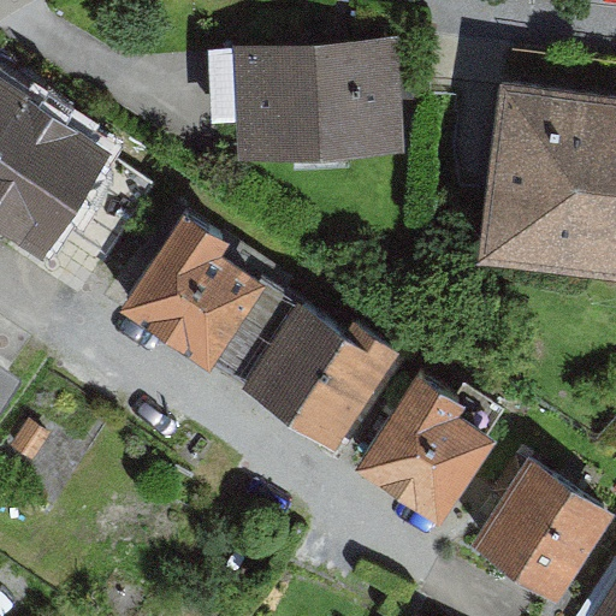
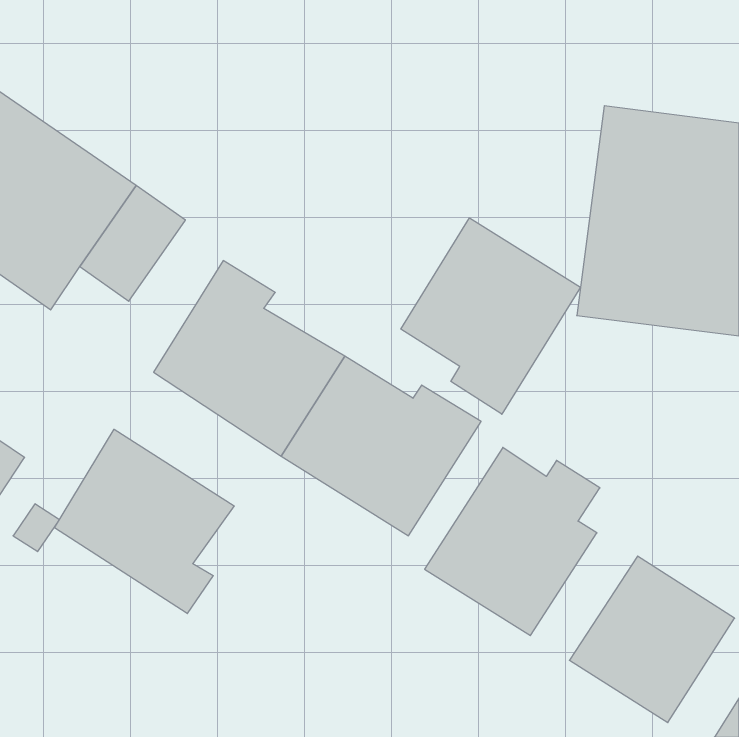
building: [206,41,398,156] -> none
building: none -> [401,218,580,414]
building: none -> [55,429,234,614]

